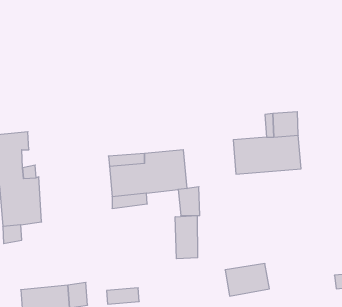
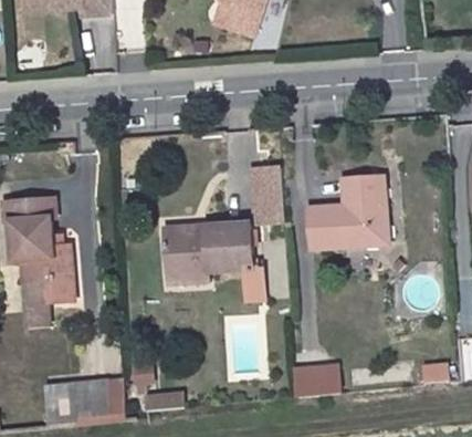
building: none -> [249,162,282,219]
building: [175,216,198,259] -> none

